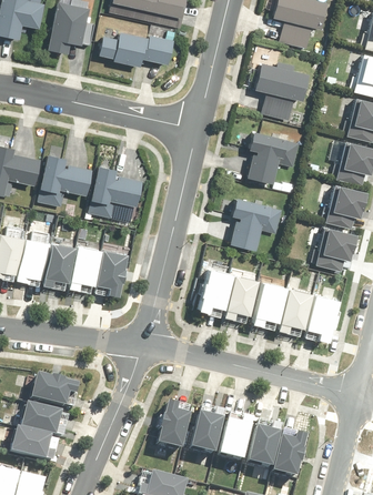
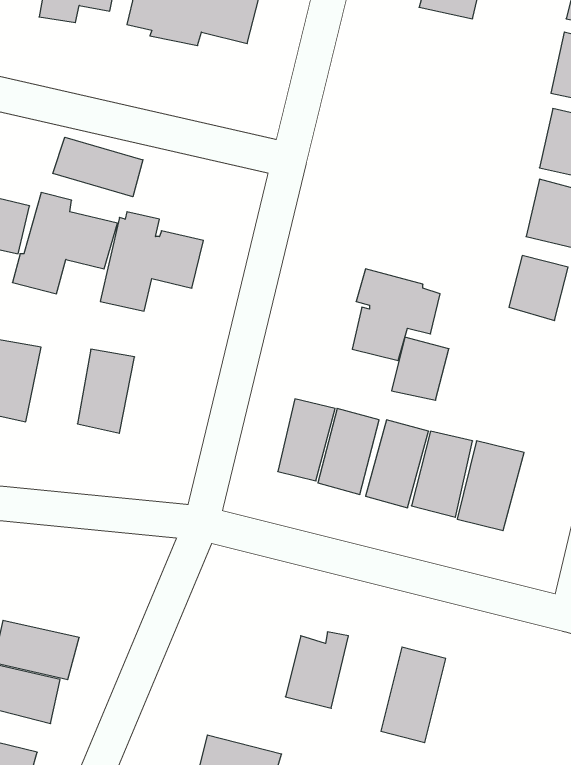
building: [256,61,312,121] -> none
building: none -> [53,137,143,197]
building: [248,129,299,183] -> none
building: [313,230,346,266] -> [392,337,449,400]
building: [44,239,79,287] -> none
building: [97,245,130,293] -> none
building: [33,371,81,405] -> none
building: [158,397,193,447] -> none
building: [218,408,258,464] -> none
building: [275,425,310,474] -> none

